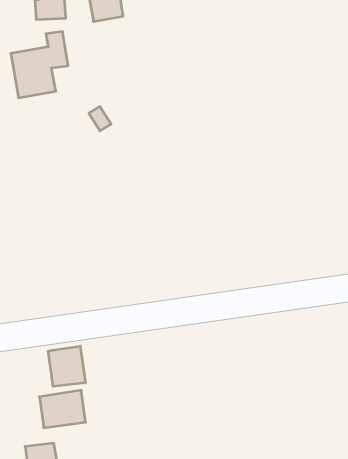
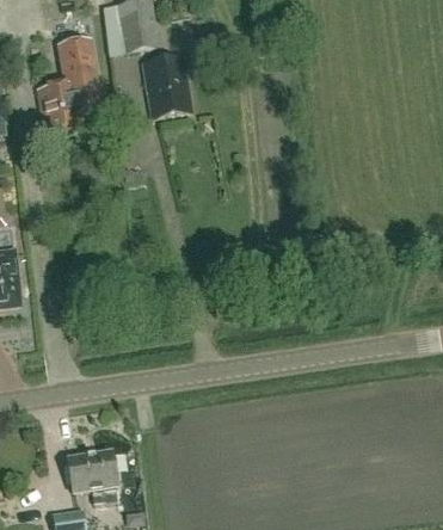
building: none -> [143,56,190,117]
building: [48,346,85,386] -> none

